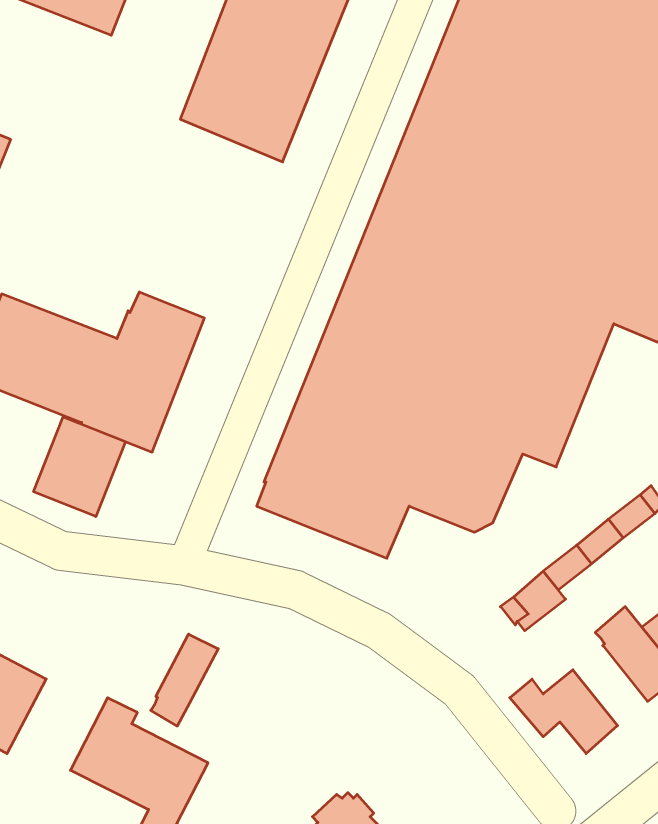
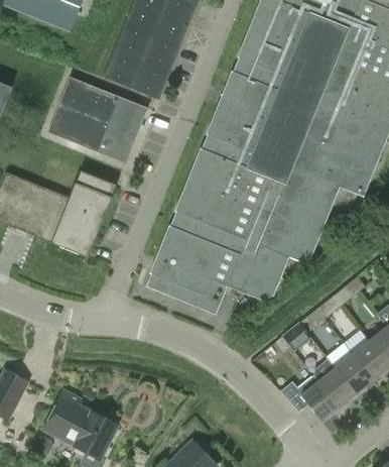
building: none -> [48,76,148,162]
building: [34,417,125,517] -> none
building: [151,634,218,726] -> none
building: none -> [316,358,357,405]

